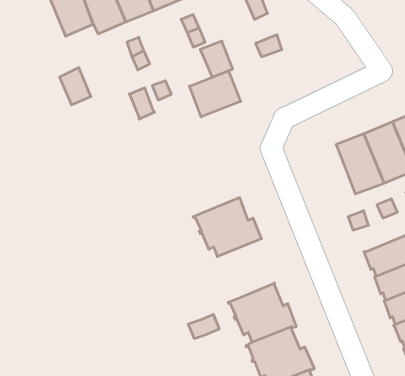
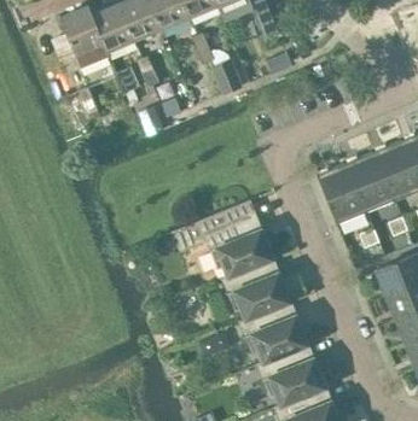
building: [189,71,241,117] -> none
building: none -> [315,163,365,224]
building: none -> [220,257,289,318]

